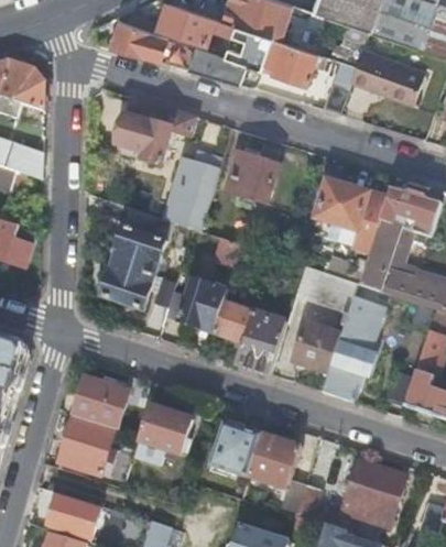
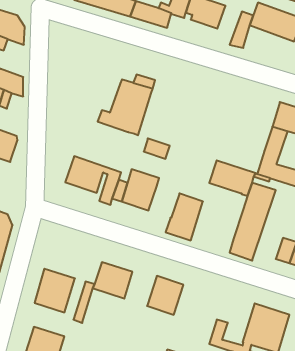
building: [111,96,195,163] -> none
building: [226,153,278,201] -> none
building: [315,178,388,252] -> none
building: [111,208,185,274] -> none
building: [213,300,254,343] -> none
building: [292,326,341,372] -> none
building: [70,373,128,426] -> none
building: [247,430,305,515] -> none

